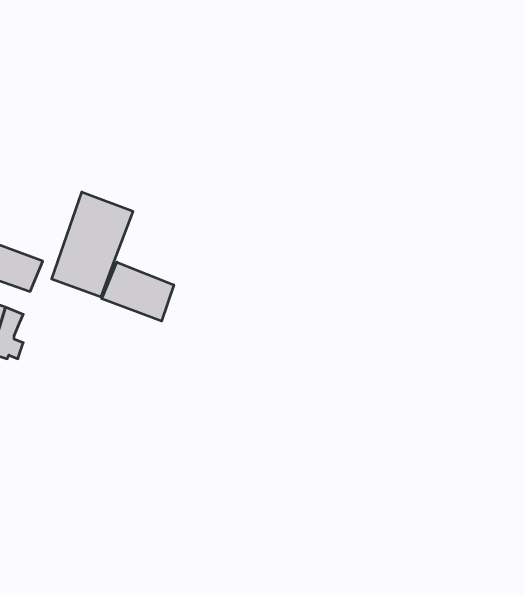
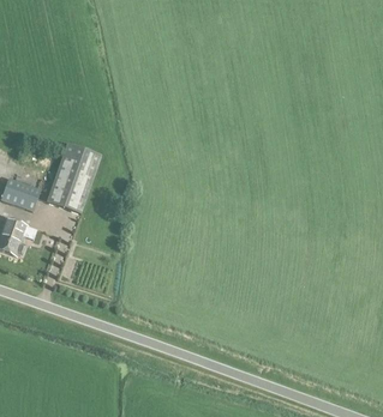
building: [102,262,174,321] -> none

